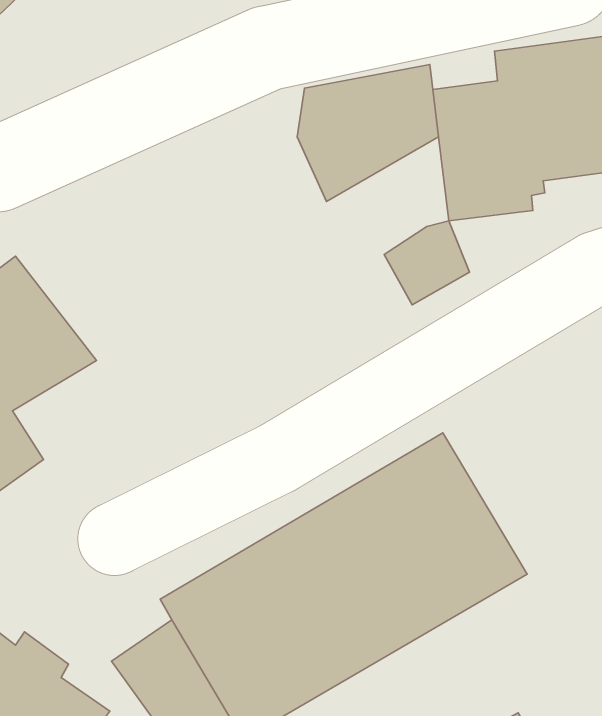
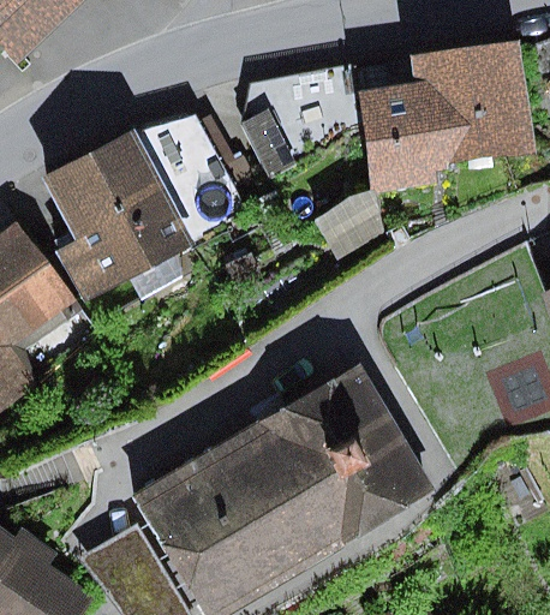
building: none -> [46,115,246,303]

